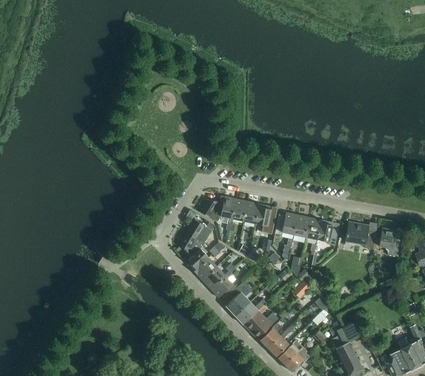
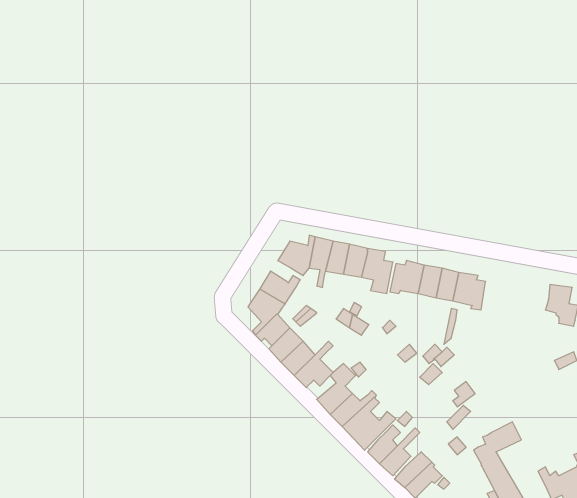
building: [345,222,377,249] -> none

